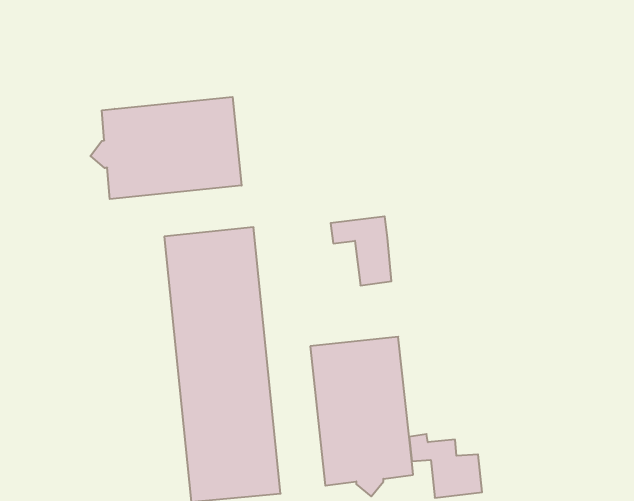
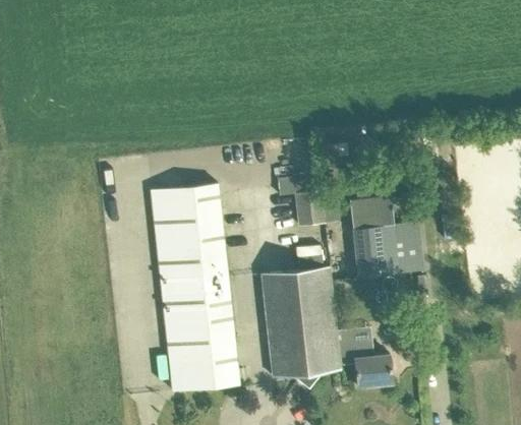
building: [90,97,242,199] -> none
building: none -> [349,198,412,278]

